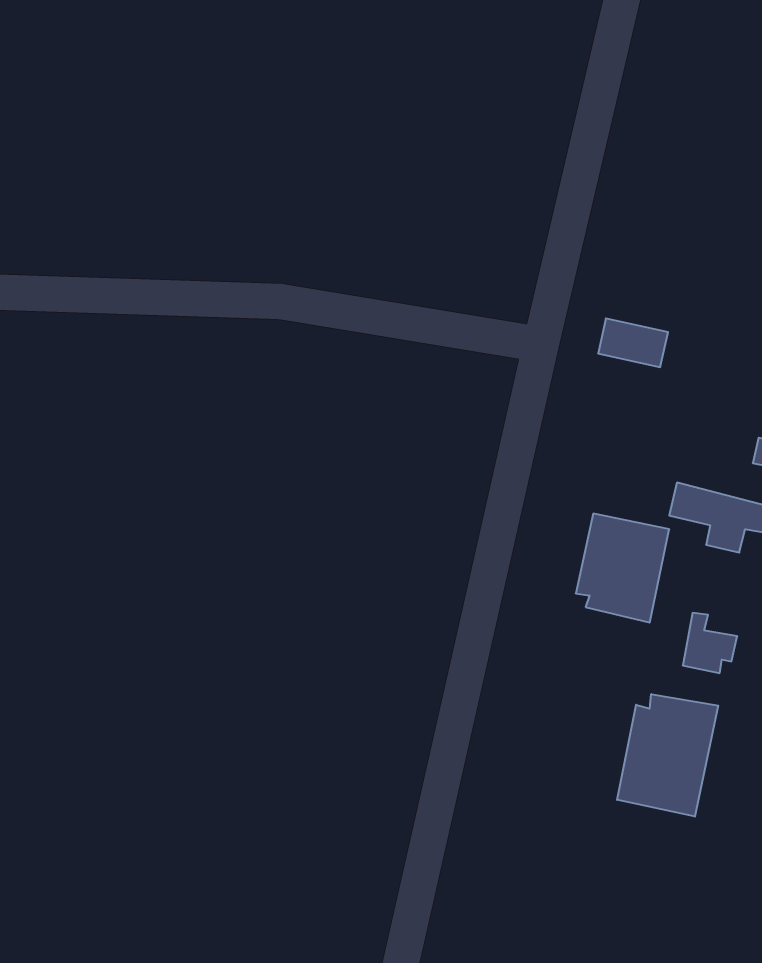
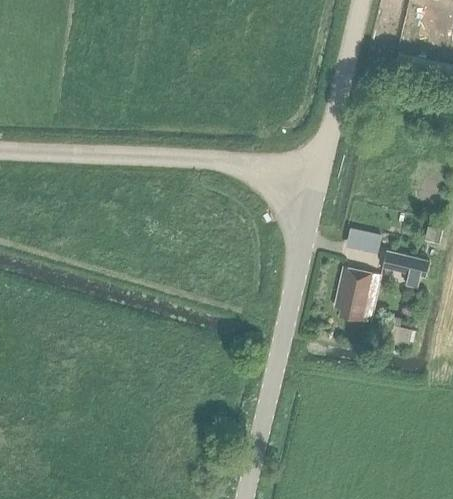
building: [598,318,668,367] -> [347,225,383,250]
building: [617,694,718,817] -> none

